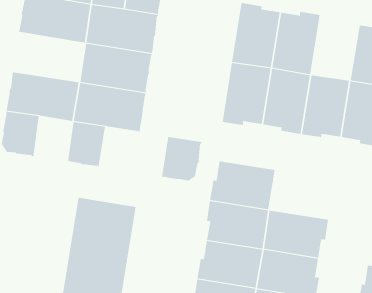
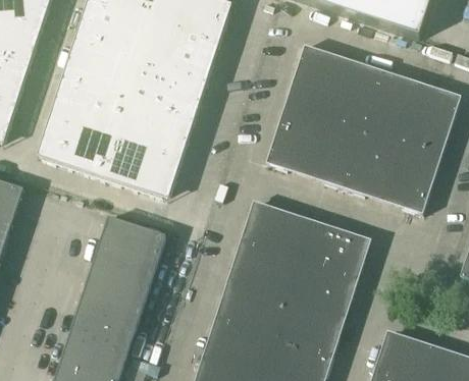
building: none -> [364,69,421,141]
building: none -> [62,38,141,99]
building: none -> [70,126,115,177]
building: [161,136,203,181] -> [135,148,183,197]
building: none -> [300,219,369,278]

